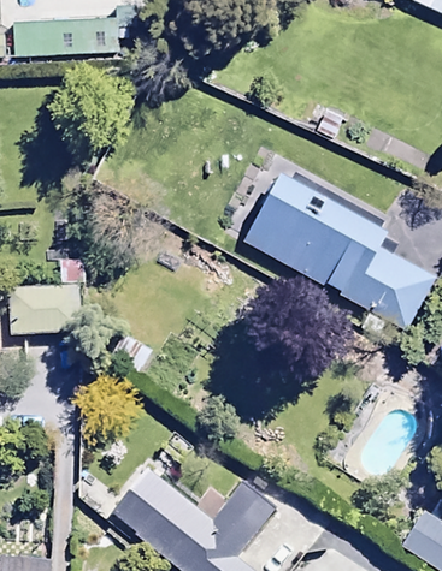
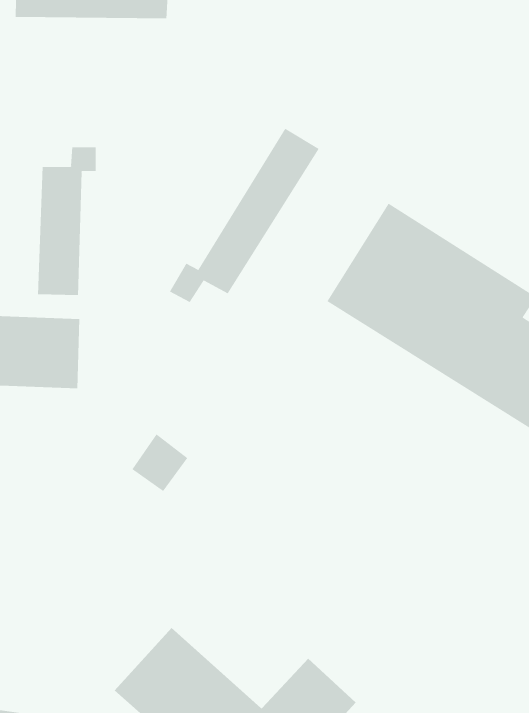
building: none -> [169,128,319,303]
building: none -> [37,147,96,296]

